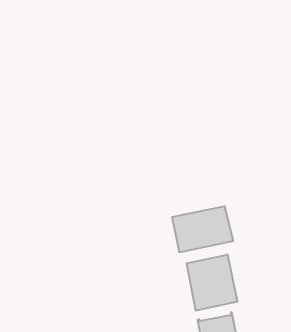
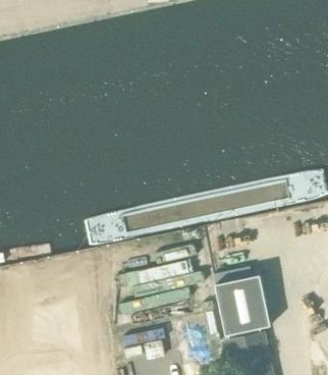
building: [172,206,233,252] -> none

